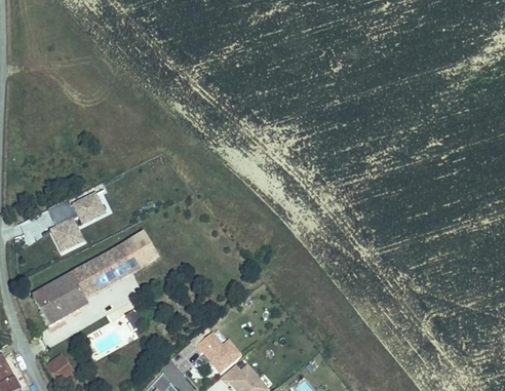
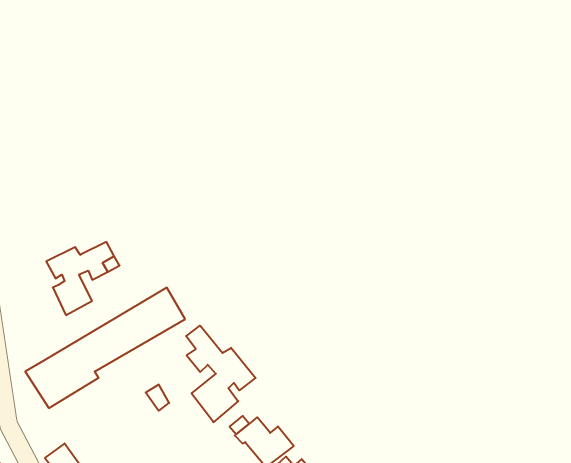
building: none -> [186,326,256,422]

